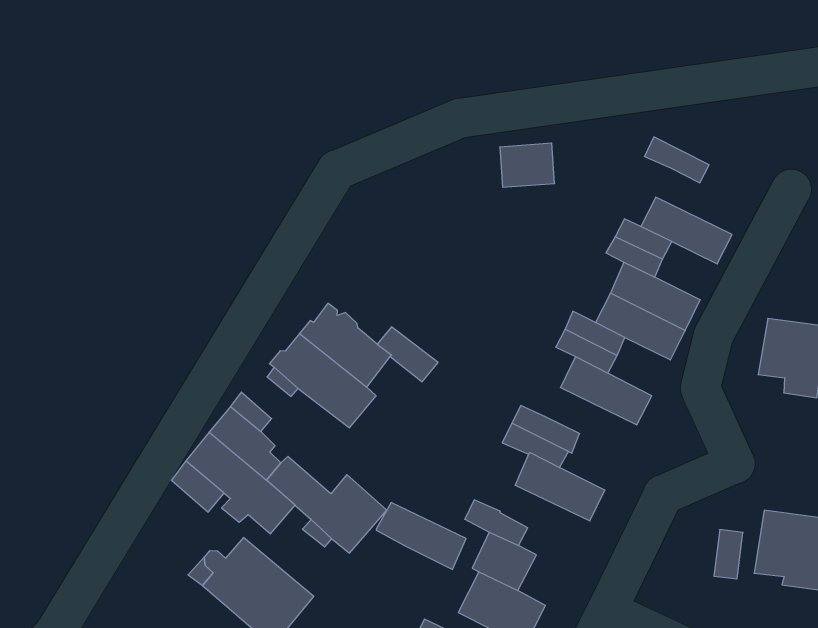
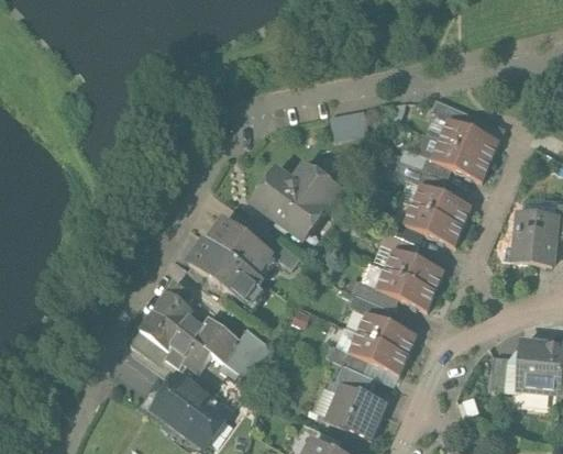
building: none -> [440,118,499,159]
building: none -> [256,167,335,235]
building: none -> [375,266,435,308]
building: [376,503,466,569] -> [349,332,408,374]

